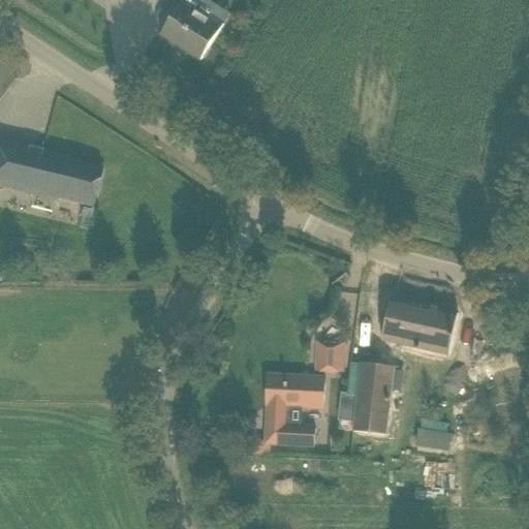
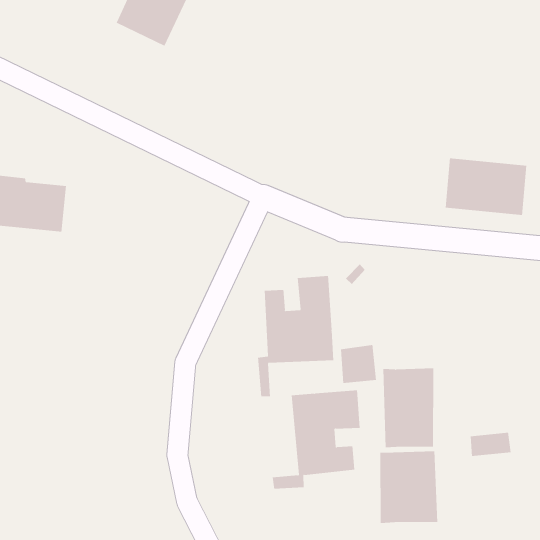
building: none -> [258,275,334,397]
building: [380,297,456,354] -> [445,158,527,215]
building: none -> [380,451,438,524]

